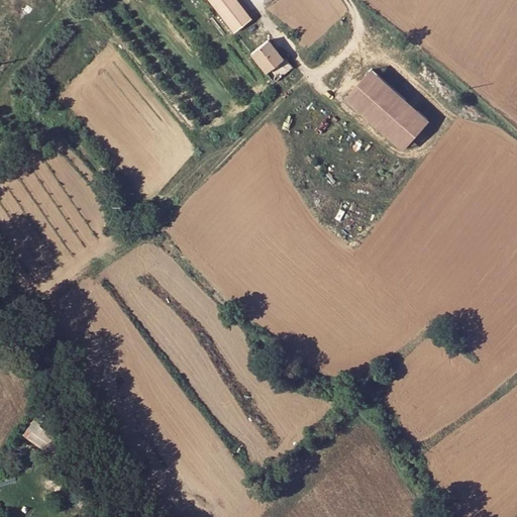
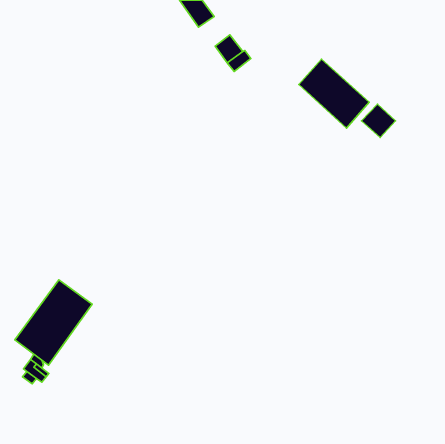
building: none -> [361,104,395,137]
building: none -> [15,280,92,365]

